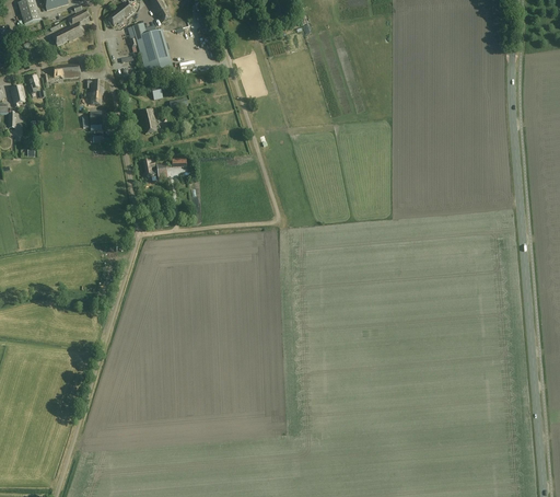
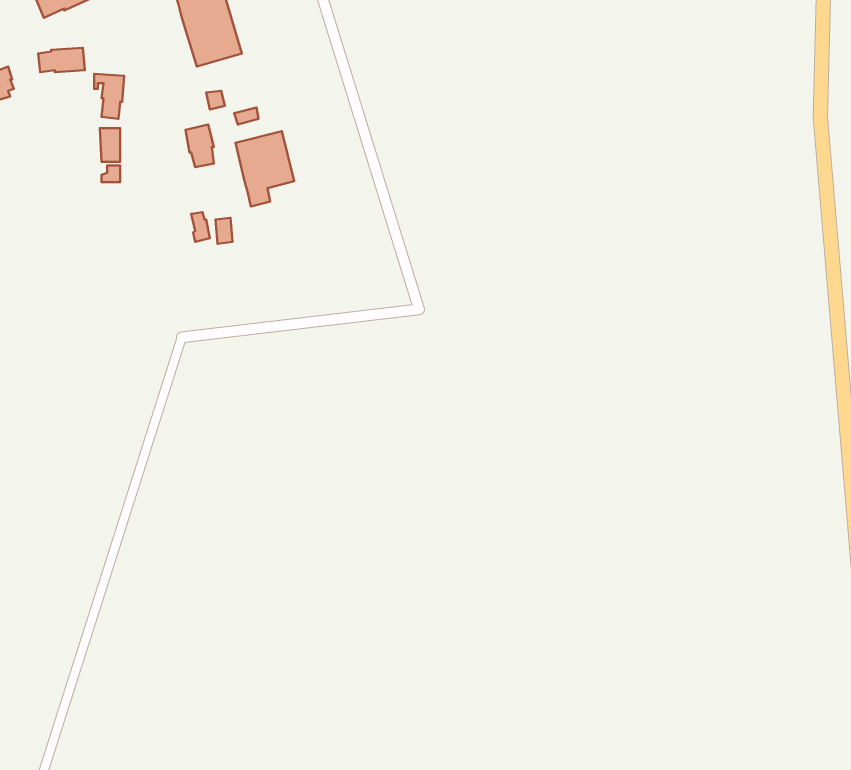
building: none -> [235,131,294,206]

